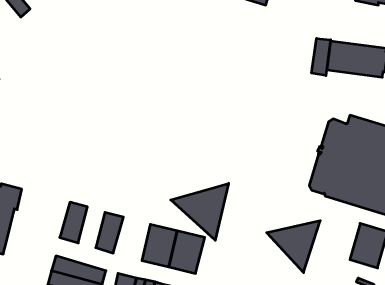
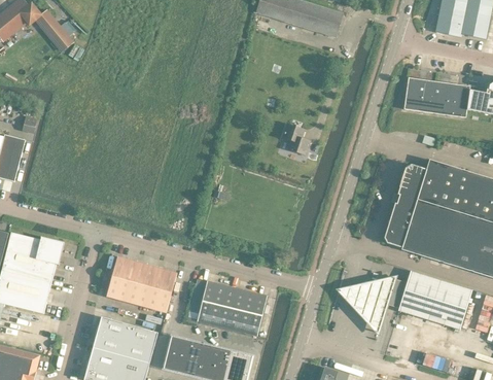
building: [312,38,331,76] -> none
building: none -> [282,123,309,154]
building: [171,183,229,240] -> none
building: none -> [127,262,156,307]
building: none -> [398,271,441,320]

